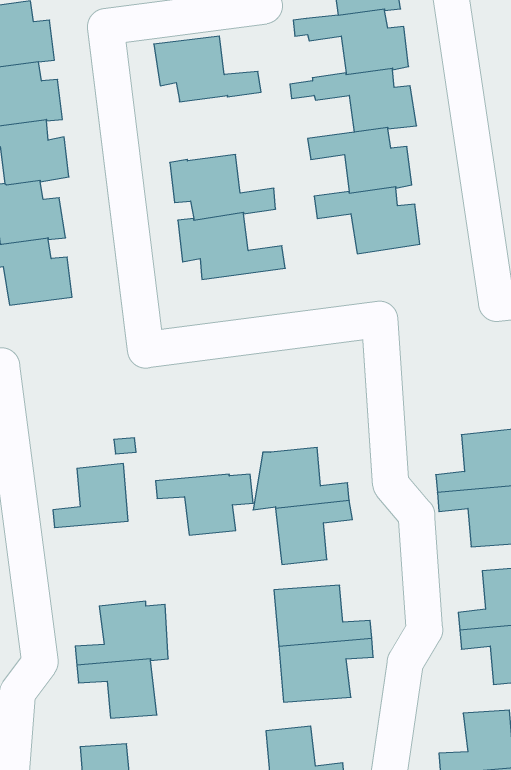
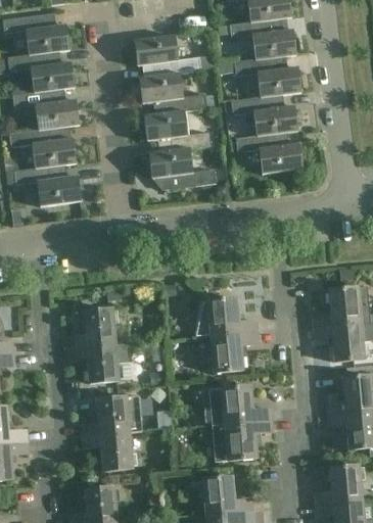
building: none -> [137,73,205,114]
building: [156,474,253,535] -> [68,344,131,383]

